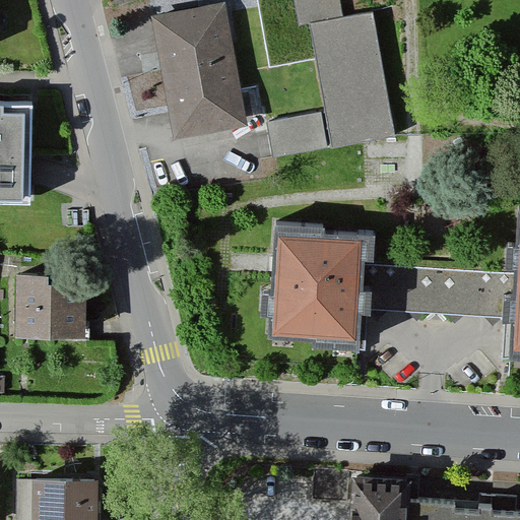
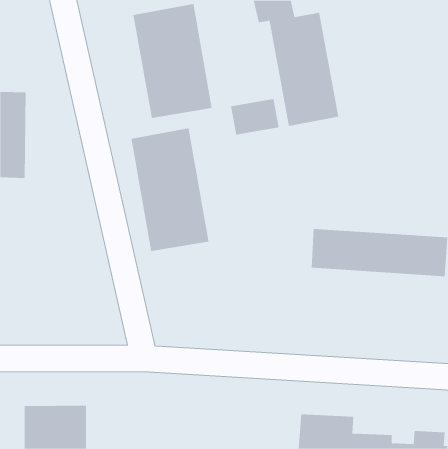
building: none -> [131,128,209,252]
building: [272,224,364,334] -> none
building: [14,261,85,339] -> none

